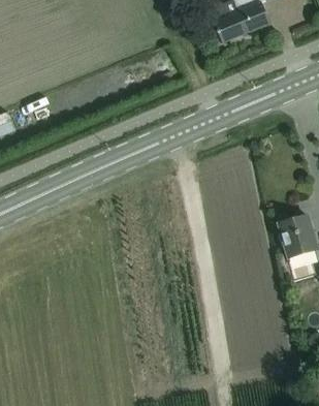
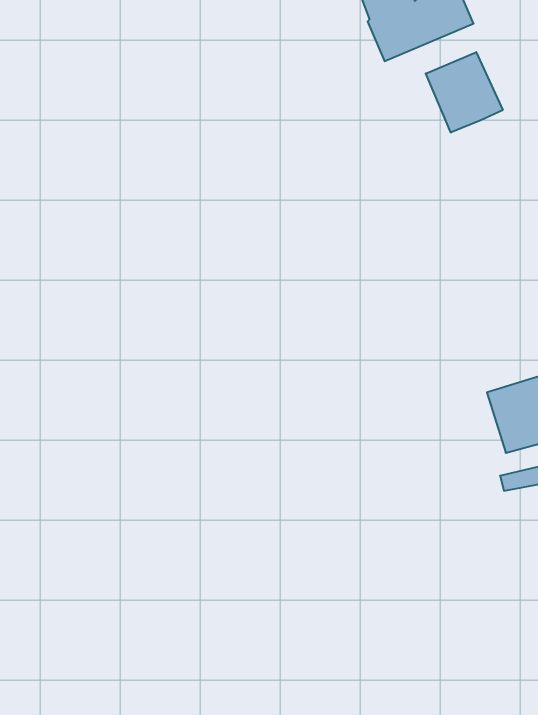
building: none -> [426,52,503,133]

